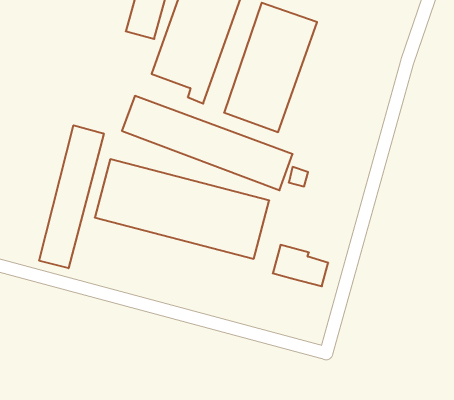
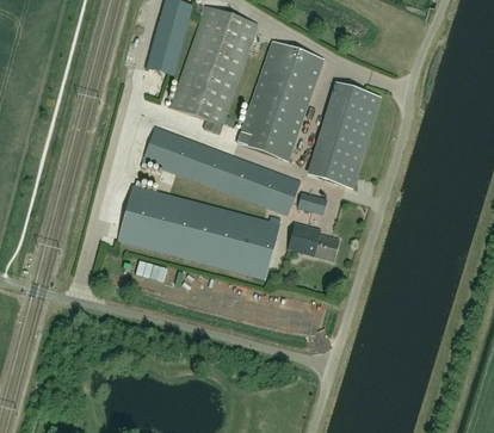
building: none -> [317,83,381,188]
building: [39,125,104,268] -> none
building: [273,245,328,286] -> [288,222,339,260]

